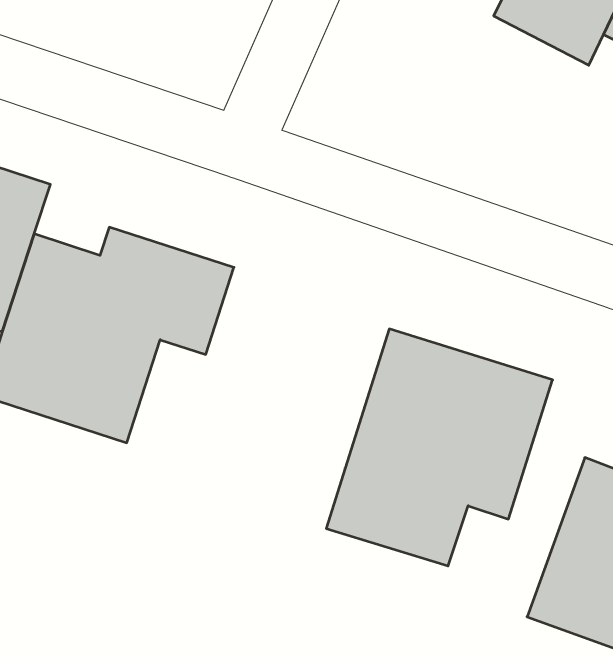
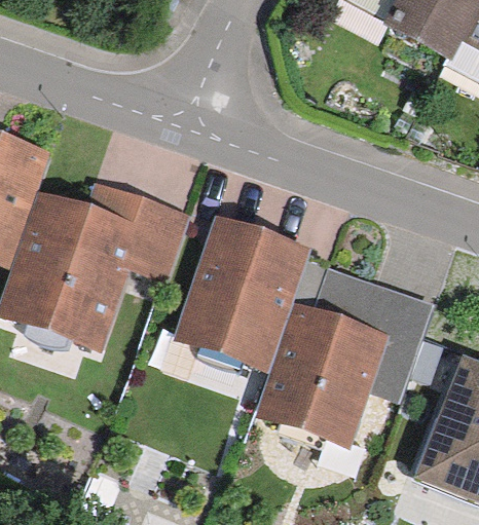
building: none -> [175,218,309,369]

